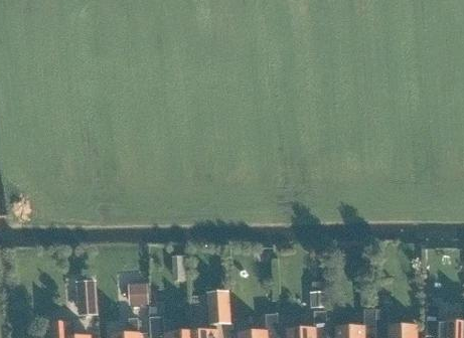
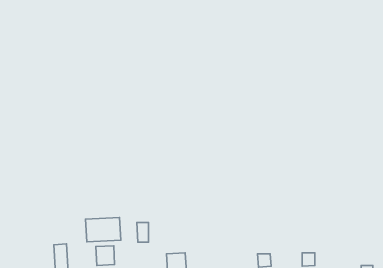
building: none -> [85,218,121,242]

